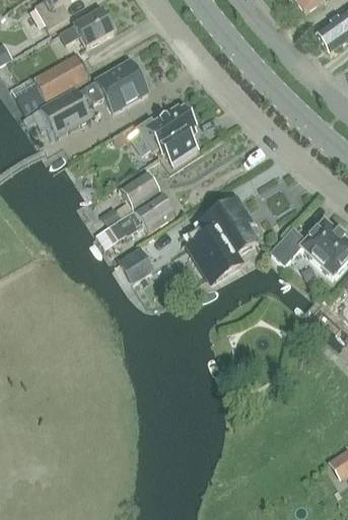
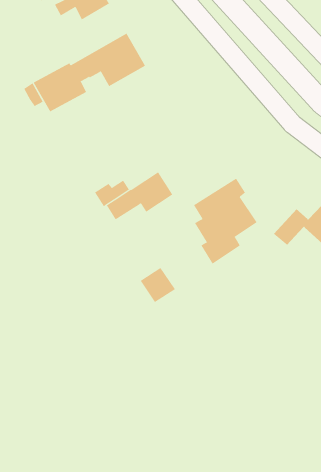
building: [16,52,90,114] -> none
building: [136,106,198,166] -> none
building: [119,171,160,210] -> none
building: [119,248,153,282] -> [140,267,176,303]

